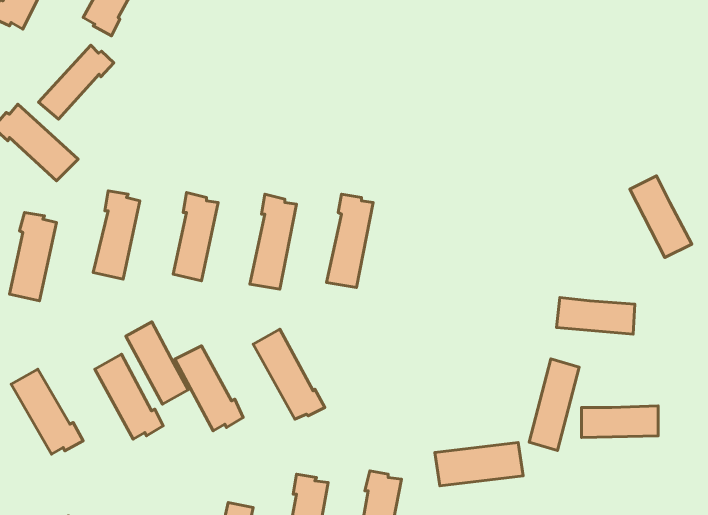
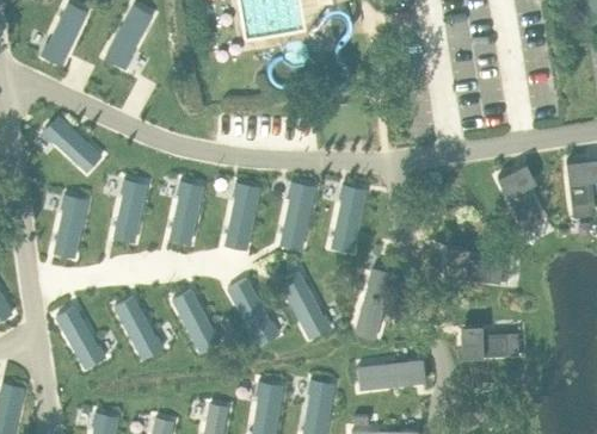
building: [38,45,114,119] -> none
building: none -> [332,184,365,252]
building: none -> [279,271,331,336]
building: [126,322,188,404] -> none
building: [529,359,579,451] -> [356,272,392,337]

